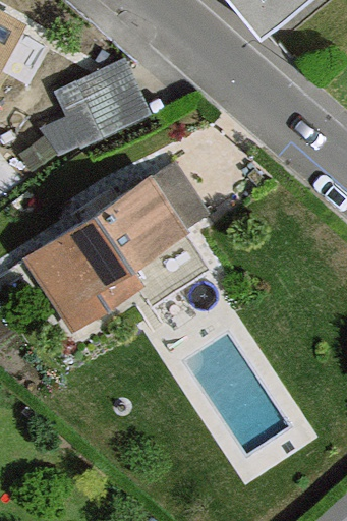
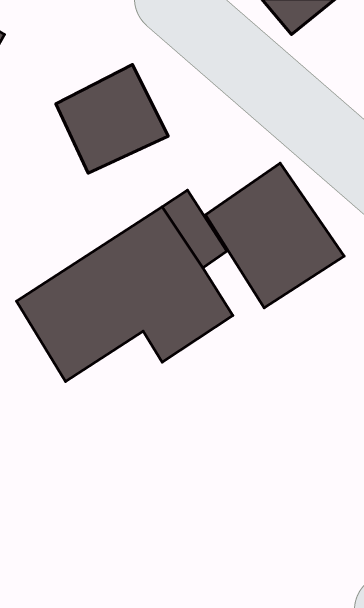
building: none -> [206,163,344,308]

